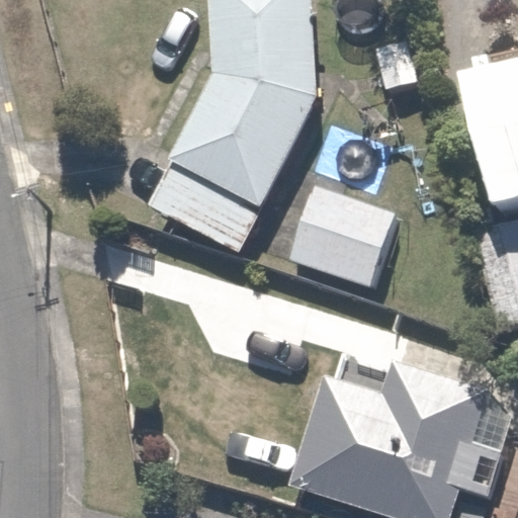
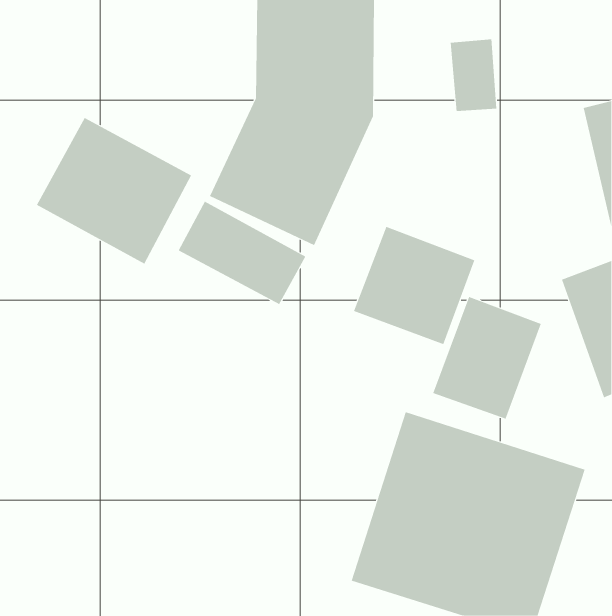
building: none -> [36,117,192,265]
building: none -> [433,296,541,420]

